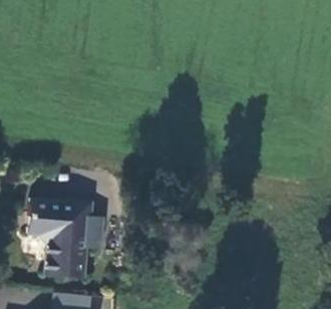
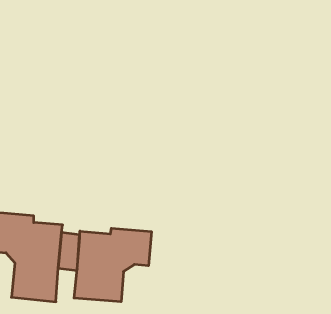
building: none -> [74,228,151,302]

